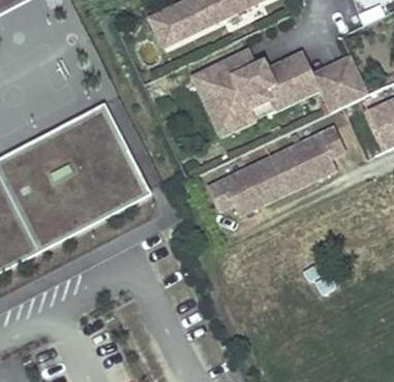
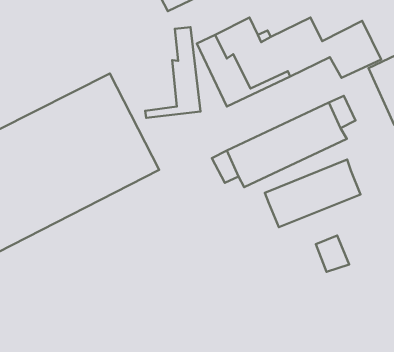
building: none -> [145,27,200,118]
building: none -> [265,159,361,227]

